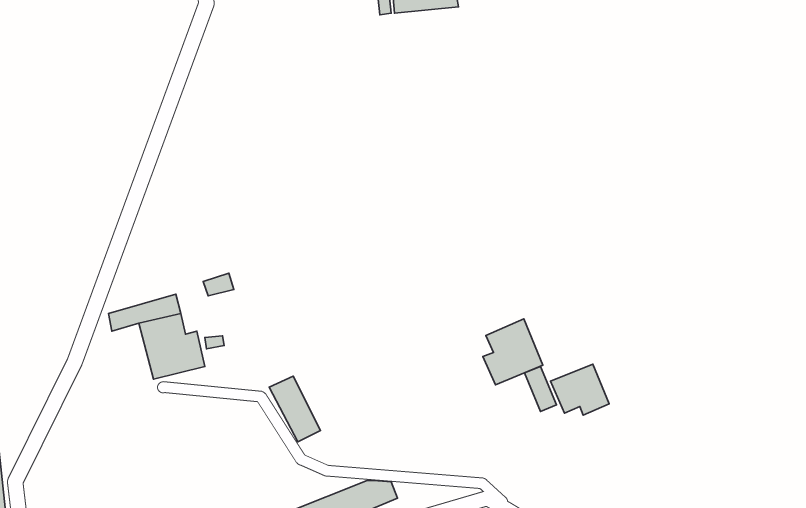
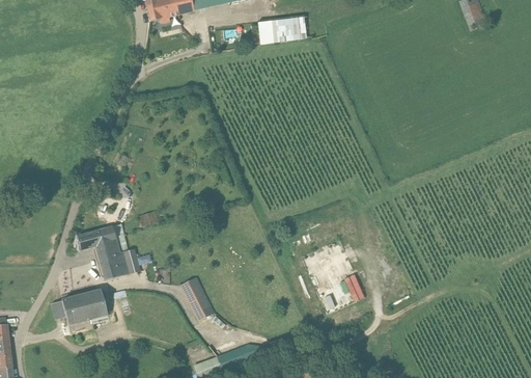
building: [483,319,543,385] -> none
building: [551,364,609,415] -> none
building: none -> [50,290,115,325]

